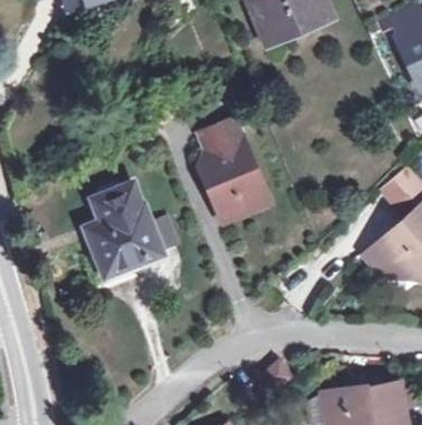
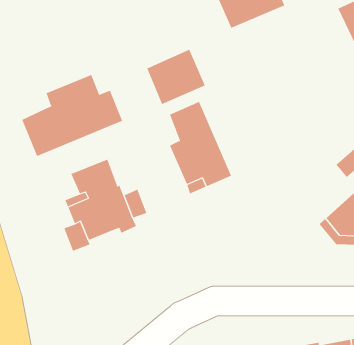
building: none -> [147,49,205,105]
building: none -> [21,74,123,157]

